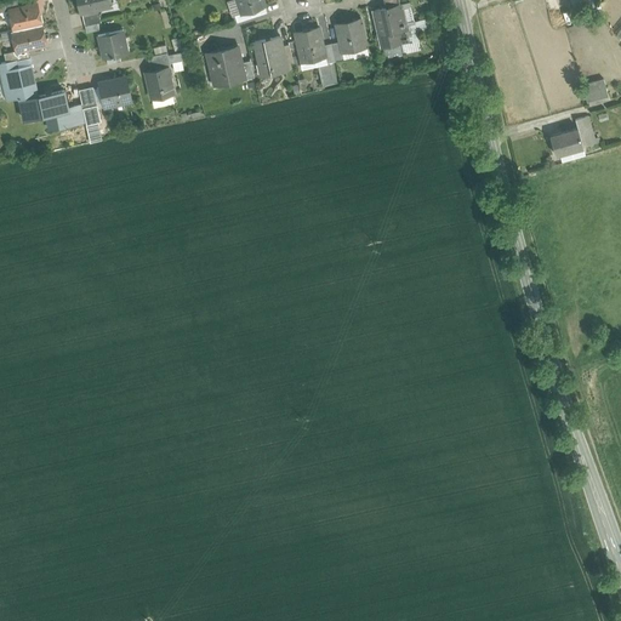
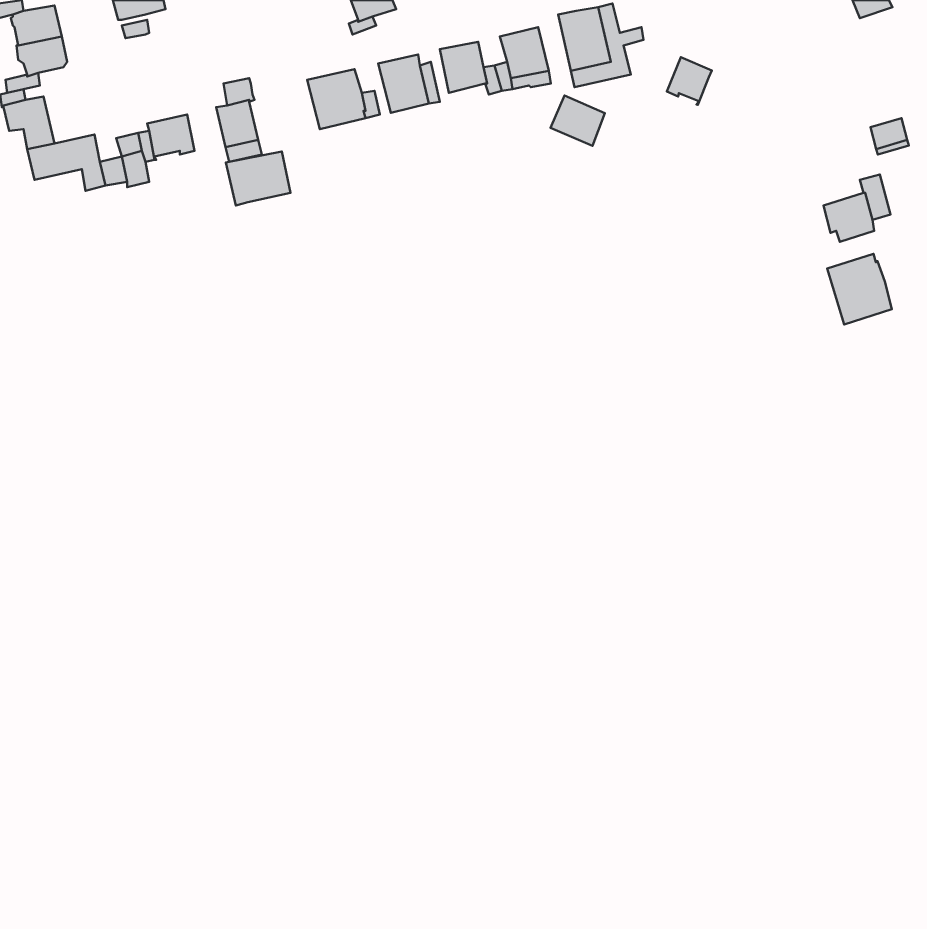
building: [97,30,126,58] -> none
building: none -> [667,57,712,105]
building: none -> [551,96,605,146]
building: none -> [226,151,291,206]
building: none -> [827,254,892,325]

